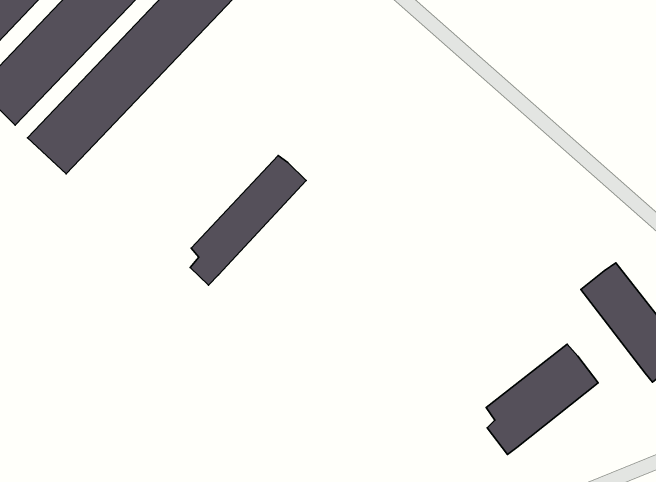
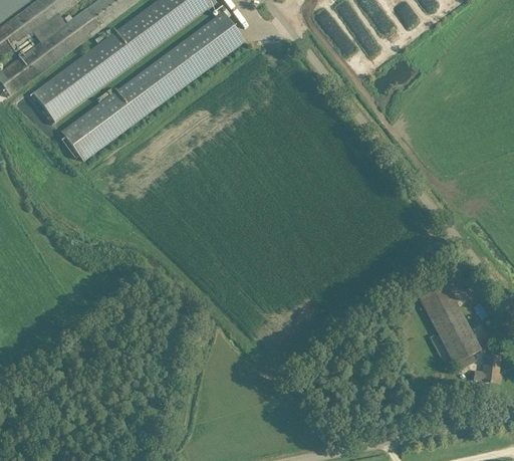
building: [190,155,306,285] -> none
building: [486,344,598,455] -> none

